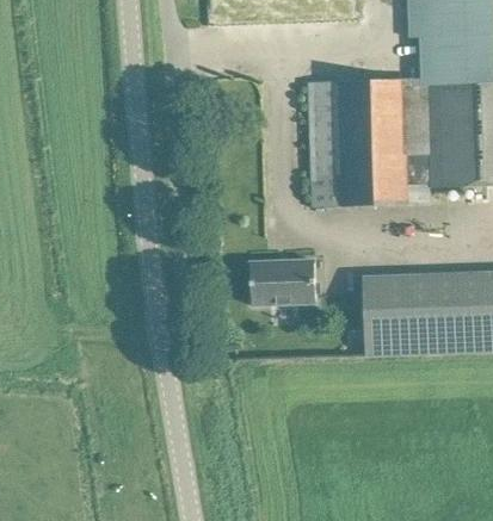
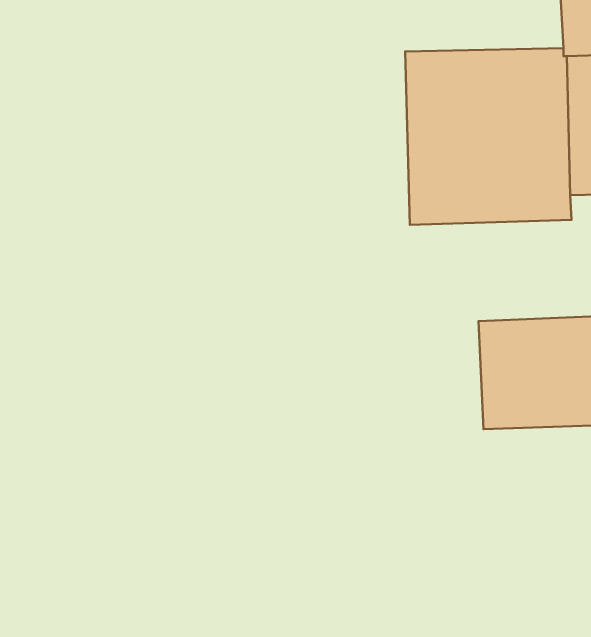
building: [248,255,316,304] -> none

